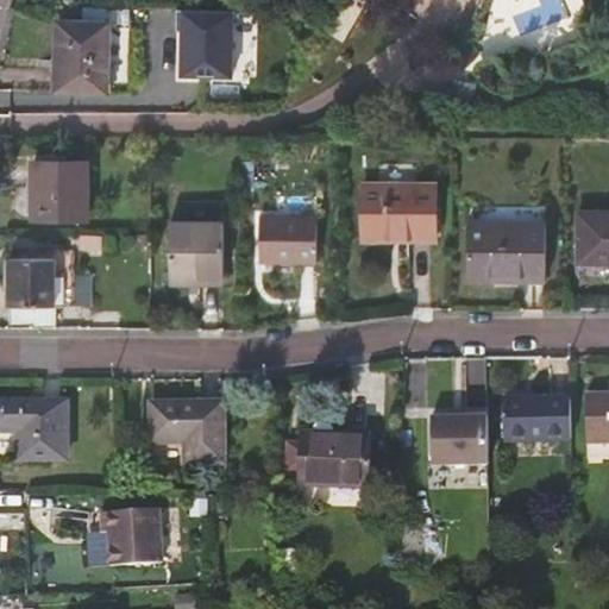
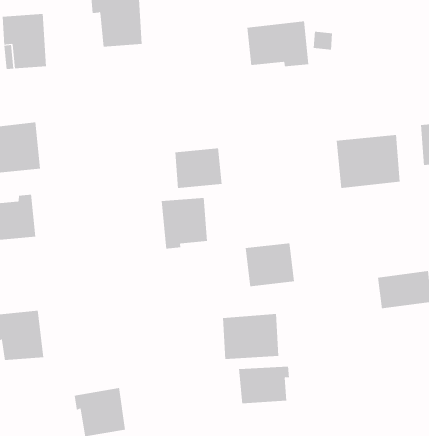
building: [360,183,435,239] -> [247,21,309,67]
building: [168,221,224,283] -> [161,198,208,249]
building: [149,401,226,465] -> none
building: [427,417,486,469] -> [245,243,295,287]
building: none -> [238,366,289,404]

